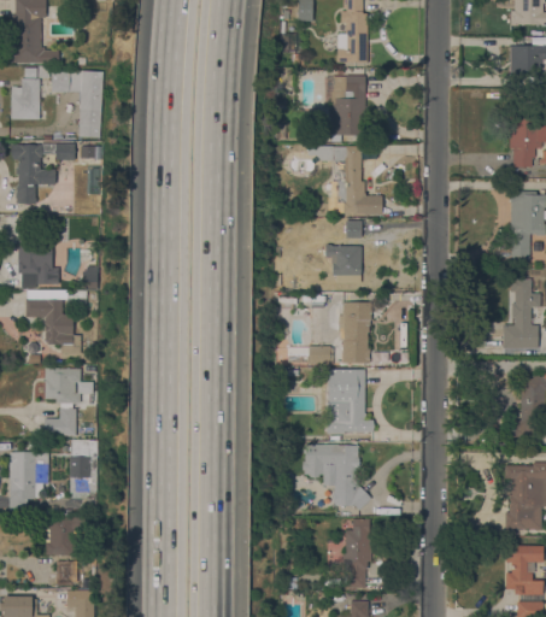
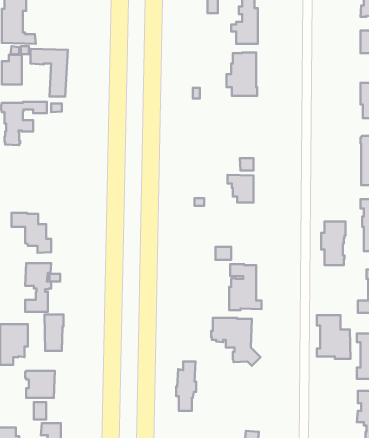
building: [309,146,382,215] -> none
building: [18,222,58,284] -> none
building: [337,301,371,362] -> [321,222,345,265]
building: none -> [317,315,351,359]
building: [344,518,371,587] -> [176,361,196,411]

